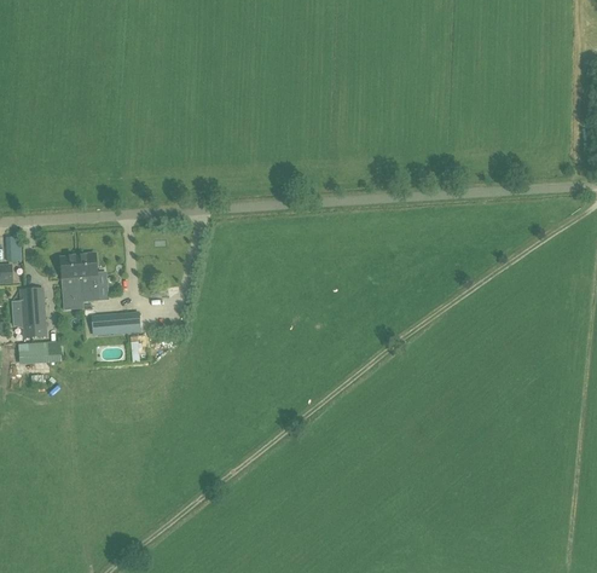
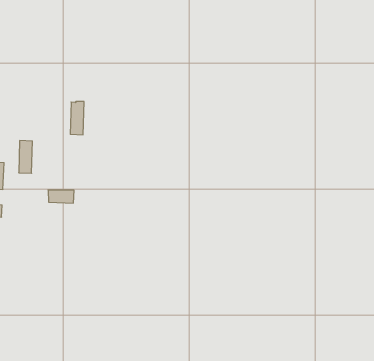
building: [76,254,97,299] -> [70,102,84,135]

